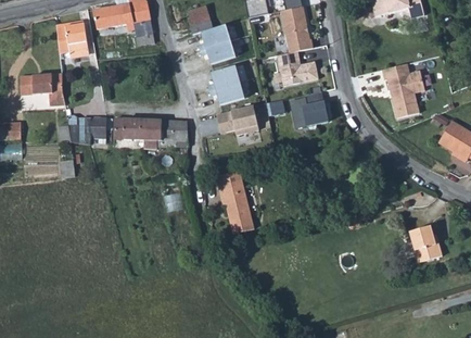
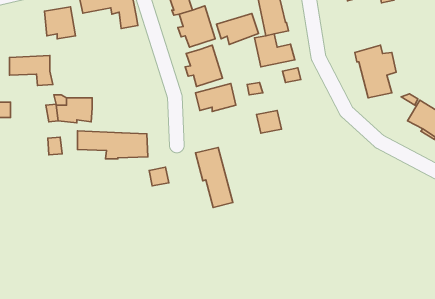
building: none -> [217,13,258,45]
building: [302,102,328,126] -> [257,110,281,133]
building: [114,118,188,148] -> [78,131,148,159]
building: [409,225,442,263] -> none

